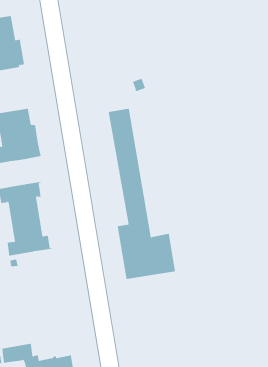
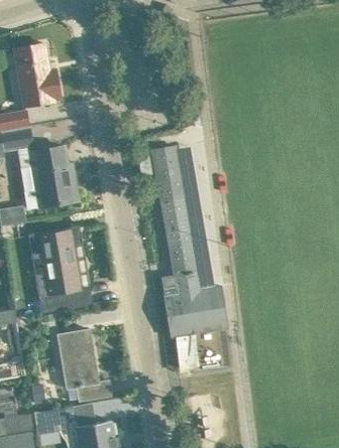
building: none -> [56,329,112,401]

